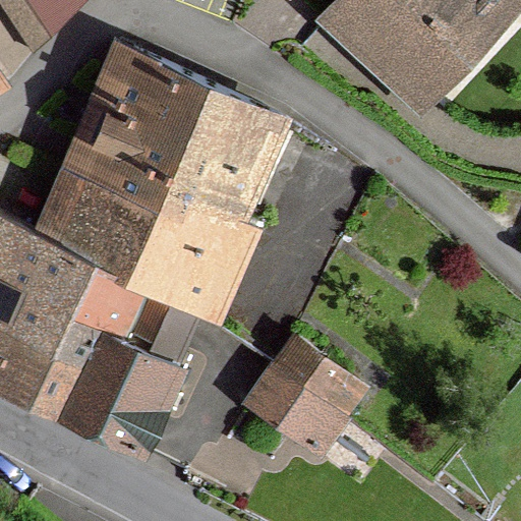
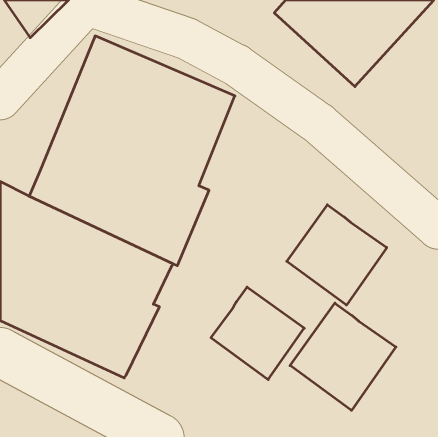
building: none -> [287,205,387,305]
building: none -> [290,303,396,410]

